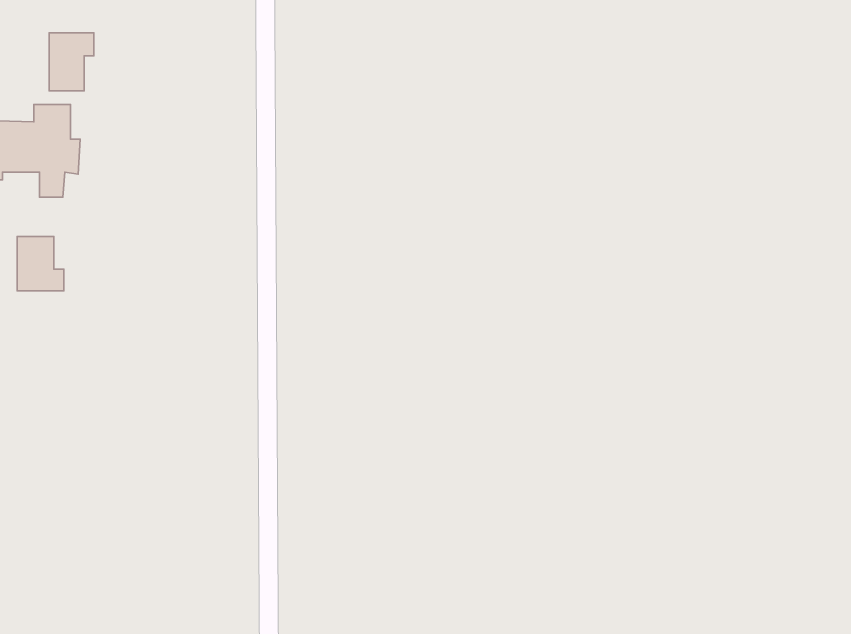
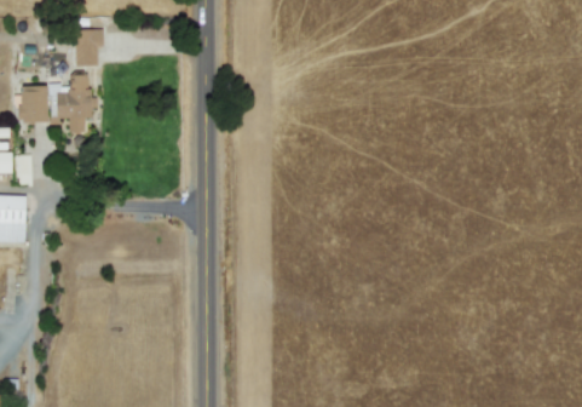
building: [17,237,64,291] -> none

